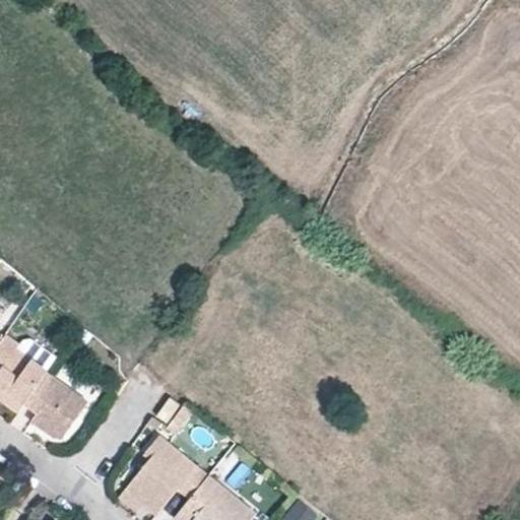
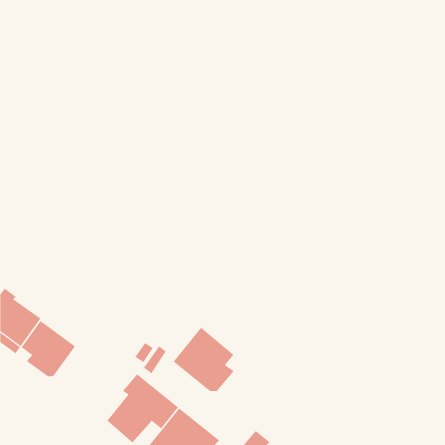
building: none -> [173,327,234,392]

